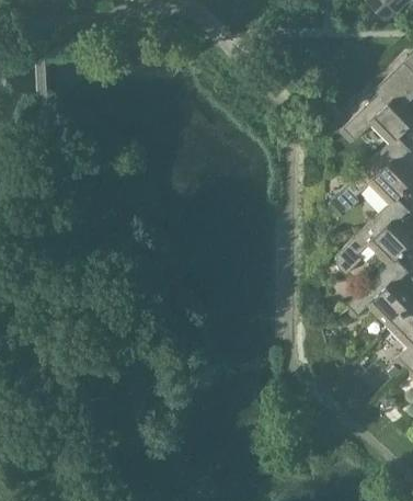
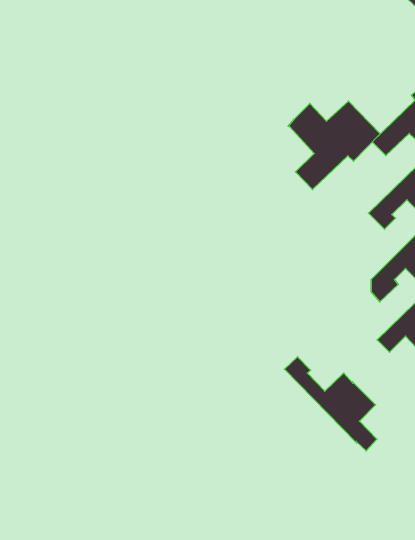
building: none -> [288,101,380,190]
building: none -> [284,357,377,451]

